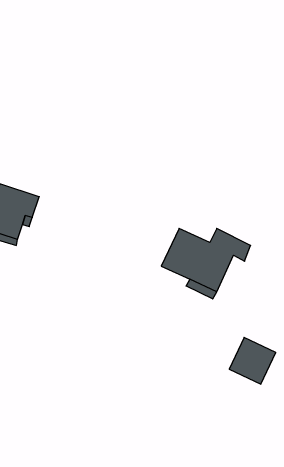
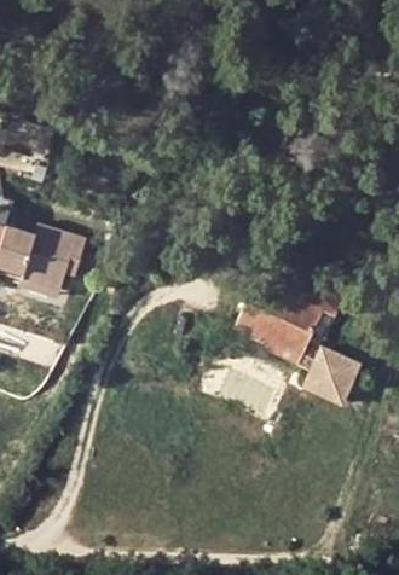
building: [229,337,276,384] -> [305,345,362,402]

